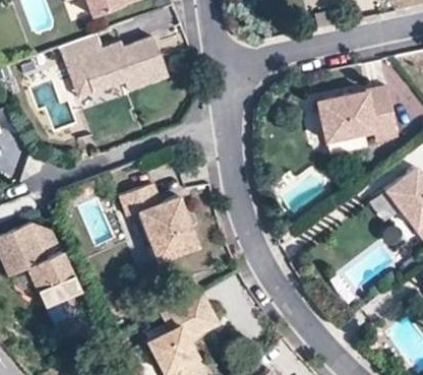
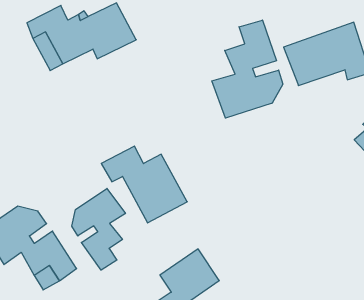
building: none -> [212,20,283,118]
building: none -> [72,188,125,270]

